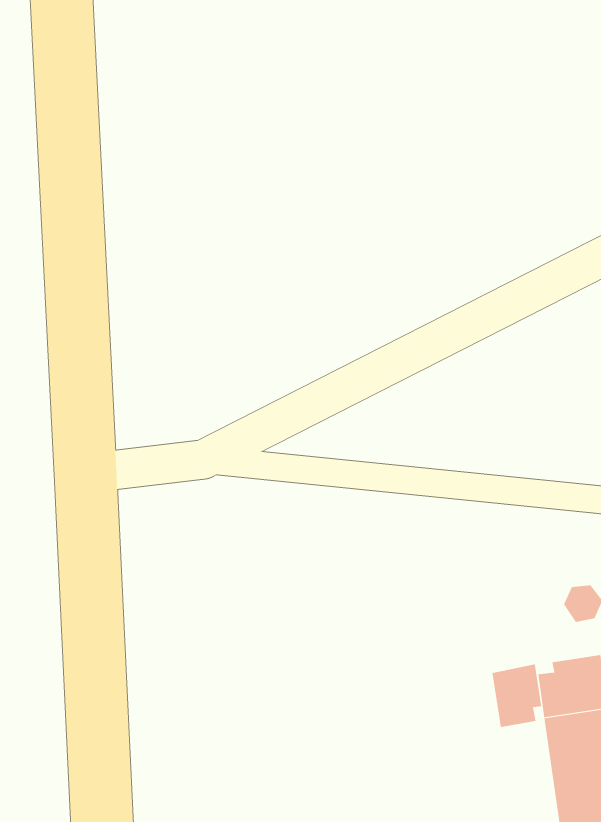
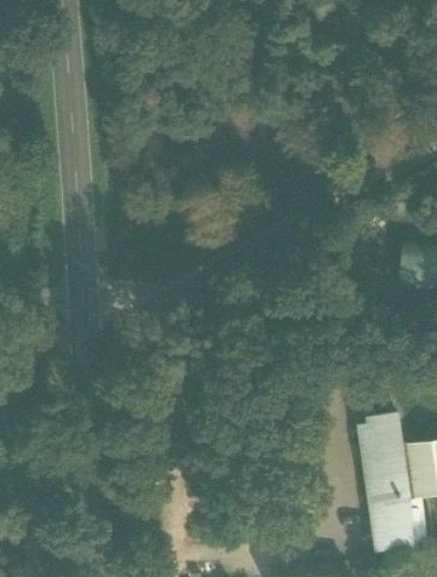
building: [492,664,542,728] -> none

